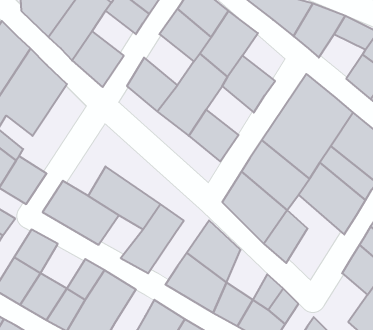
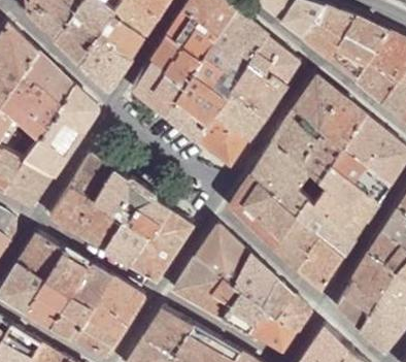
building: none -> [101,13,145,59]
building: none -> [253,36,300,85]
building: none -> [154,37,204,89]
building: none -> [331,37,378,83]
building: none -> [27,88,99,178]
building: none -> [216,90,265,139]
building: none -> [71,156,114,201]
building: none -> [298,200,357,292]
building: none -> [107,221,153,264]
building: none -> [48,250,94,295]
building: none -> [237,256,278,306]
building: none -> [337,279,380,329]

